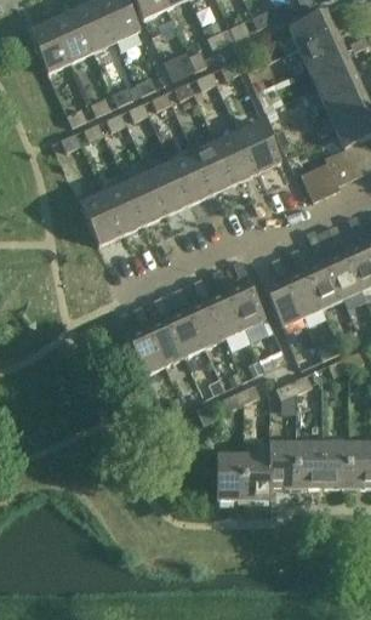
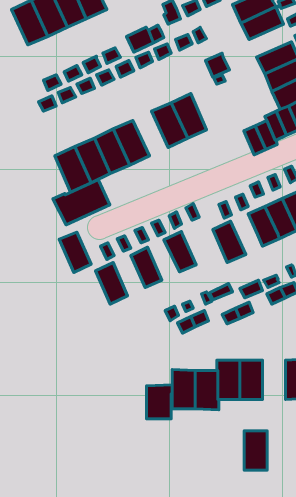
building: [306,49,355,87] -> none
building: [238,119,280,172] -> none
building: [170,150,211,203] -> none
building: none -> [53,180,110,225]
building: [284,271,321,318] -> none
building: [227,281,266,330] -> none
building: [187,301,224,348] -> none
building: [147,319,184,366] -> [59,232,91,272]
building: [321,442,348,488] -> [244,431,267,470]
building: none -> [146,385,172,419]

